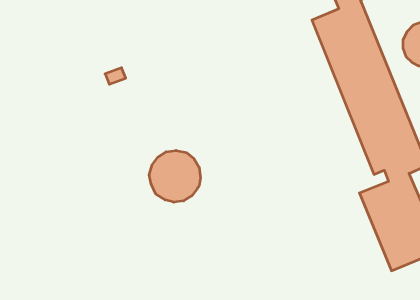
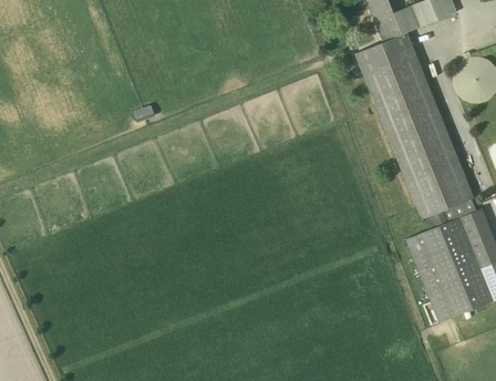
building: [149,150,201,202] -> none

